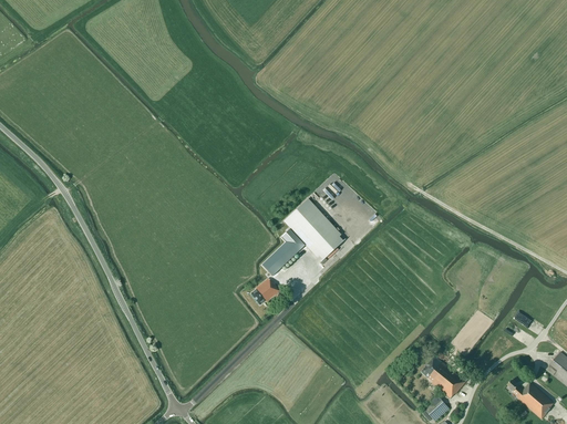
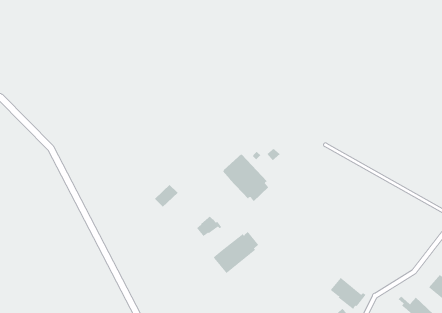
building: [261,246,292,276] -> [154,184,178,208]
building: none -> [213,231,259,274]

